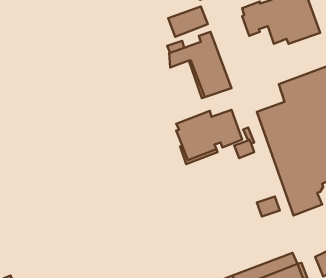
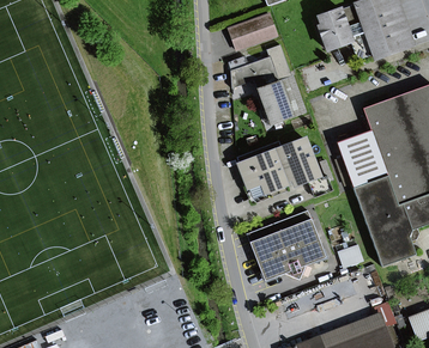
building: none -> [246,209,326,281]

